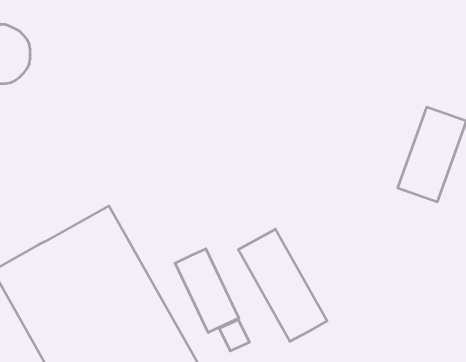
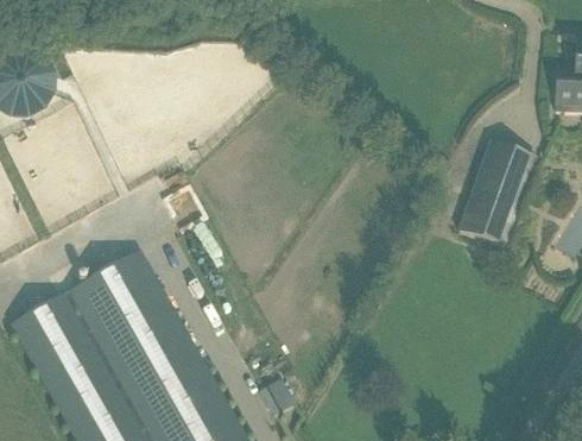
building: [238,229,327,341] -> none
building: [175,249,239,333] -> none

